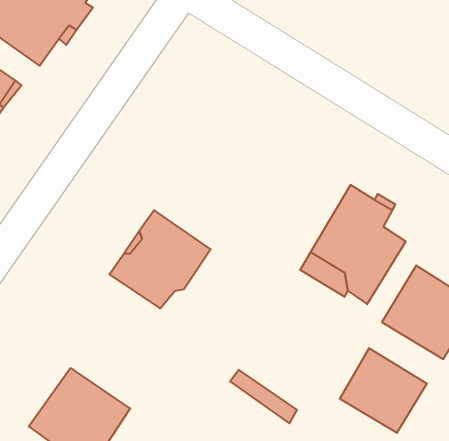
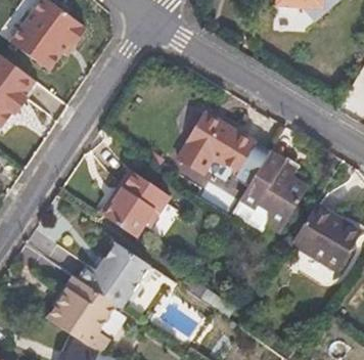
building: none -> [178,111,256,175]
building: none -> [78,243,150,309]
building: [340,348,427,433] -> none

